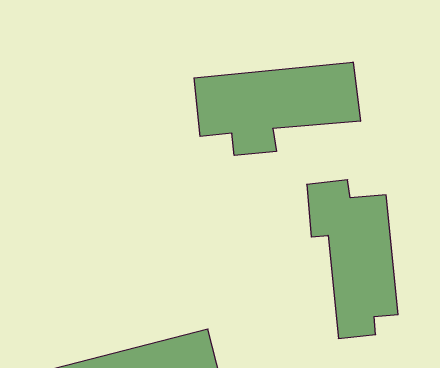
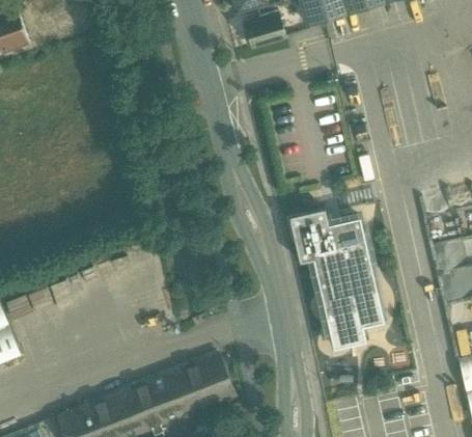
building: [194,62,360,155] -> none

